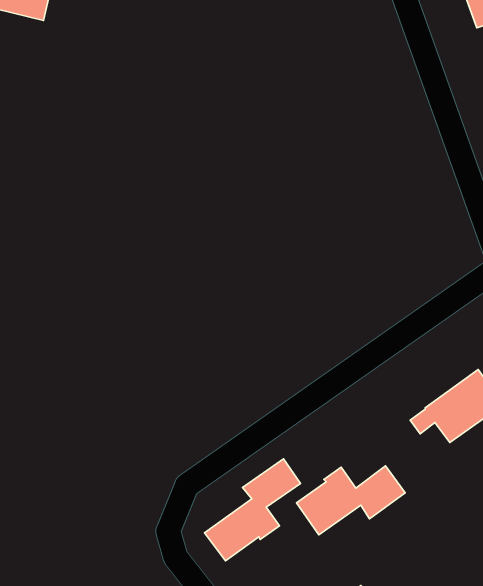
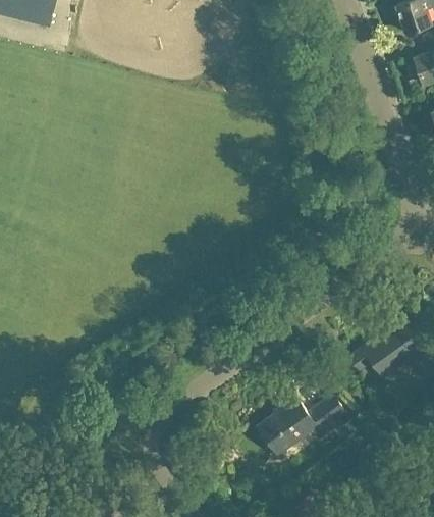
building: [205,459,301,561] -> none

